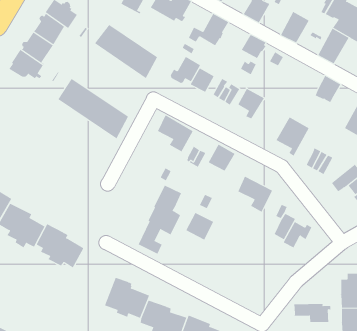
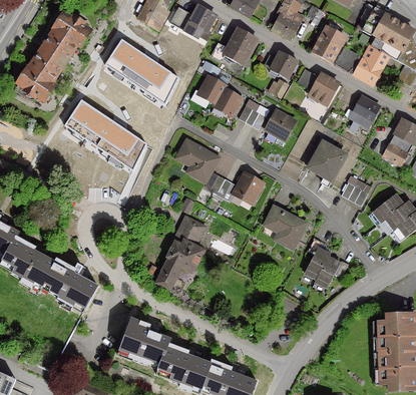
building: none -> [310,73,339,103]
building: [185,212,214,240] -> none
building: [294,303,331,323] -> none

